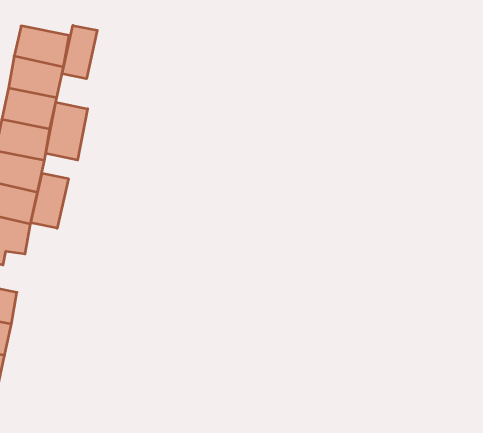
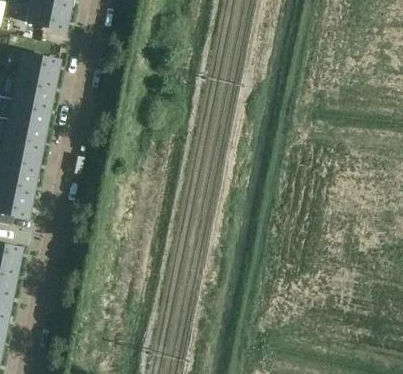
building: [62,25,97,79] -> none
building: [46,102,88,160] -> none
building: [31,173,68,228] -> none

